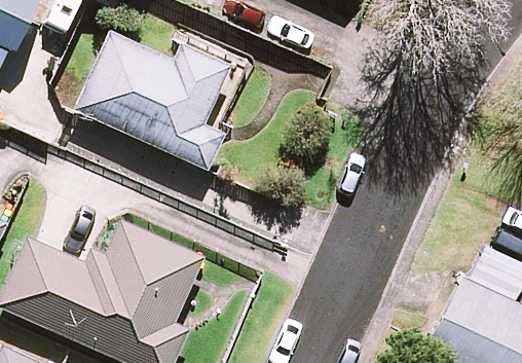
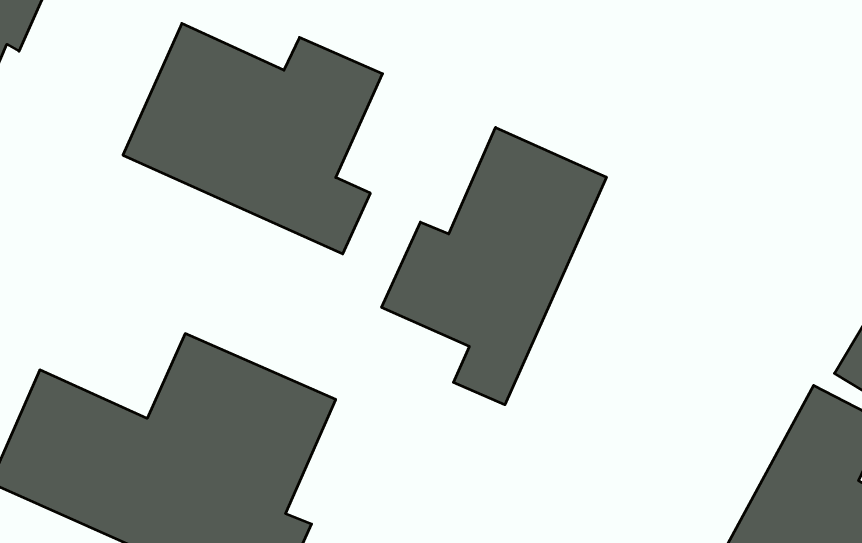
building: none -> [382,127,606,405]

